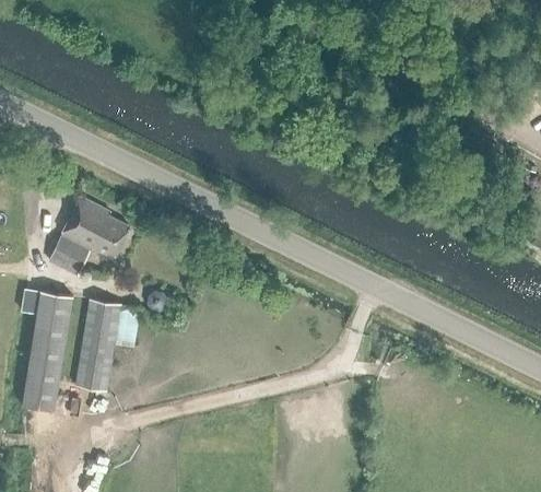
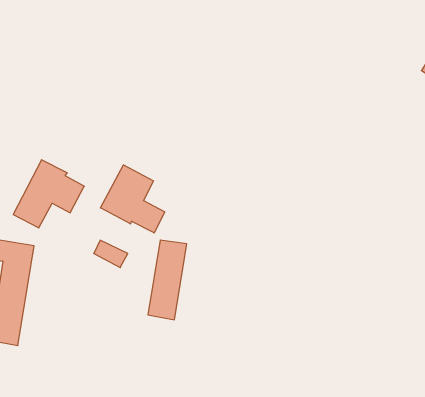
building: none -> [100,165,165,233]
building: [75,300,120,391] -> [148,240,187,320]

